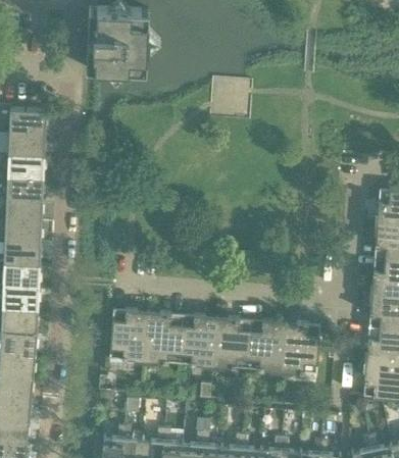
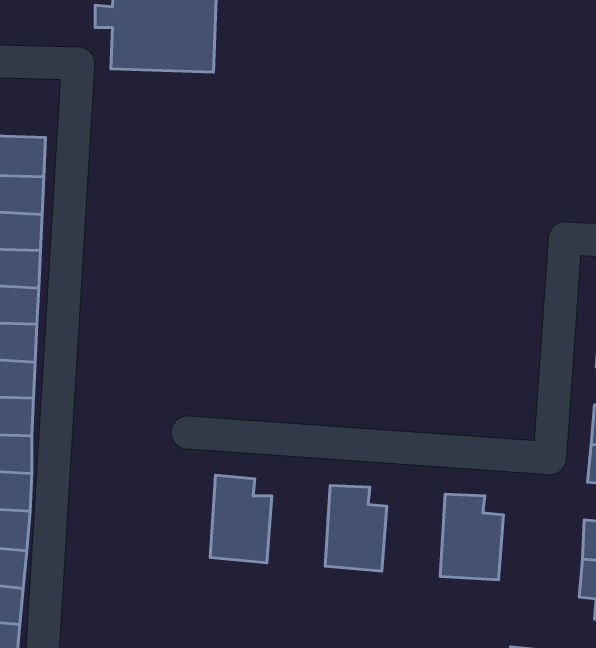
building: [109,311,148,361] -> none
building: [179,316,216,366] -> none
building: [247,321,285,372] -> none

